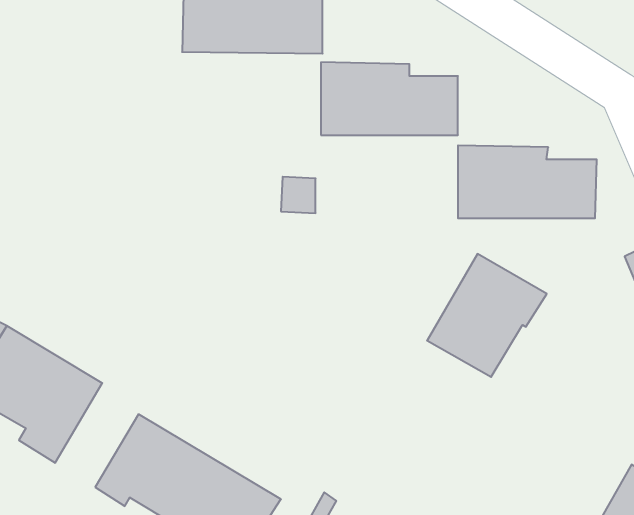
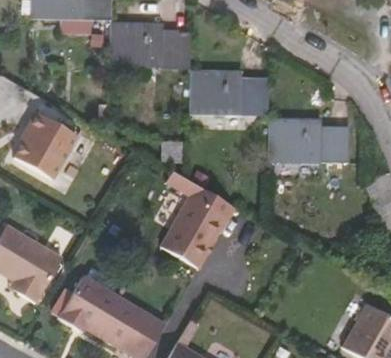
building: none -> [15,112,78,179]
building: [427,254,547,377] -> [162,196,231,267]

